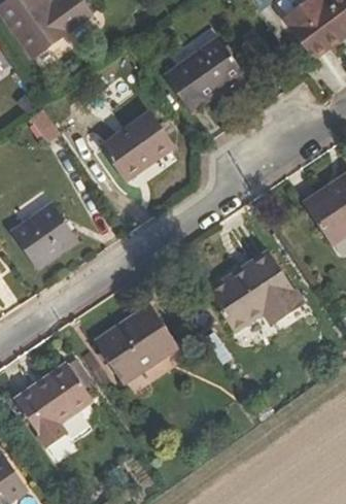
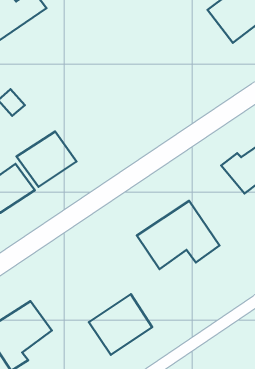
building: [164,38,239,108] -> none
building: [94,108,167,176] -> [17,131,76,187]
building: [102,313,179,388] -> [89,294,152,355]

